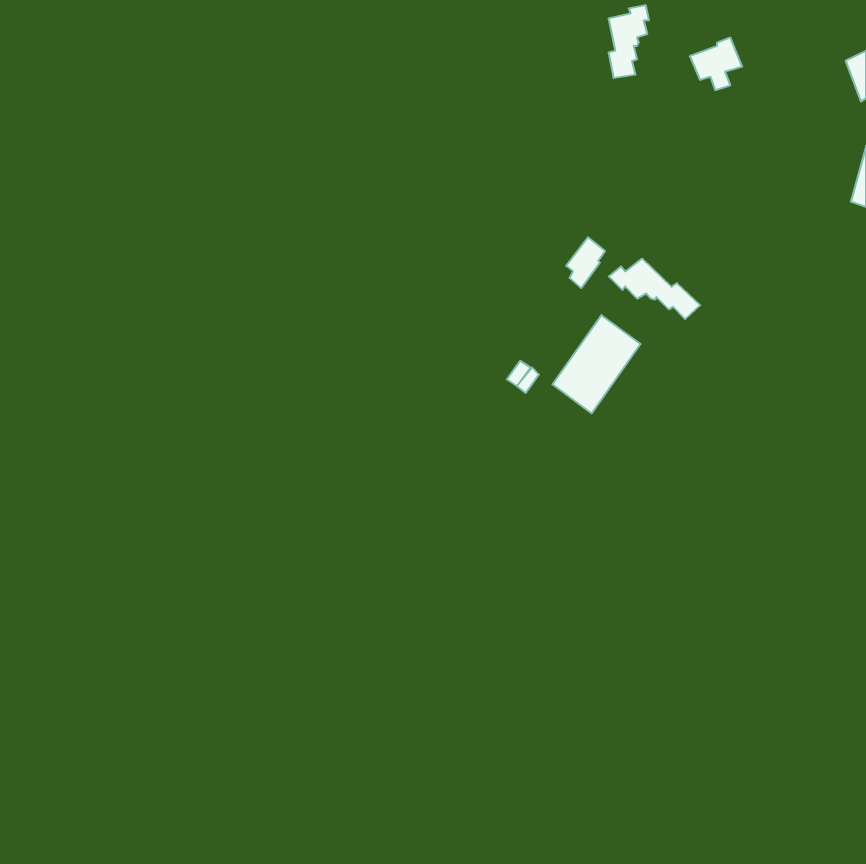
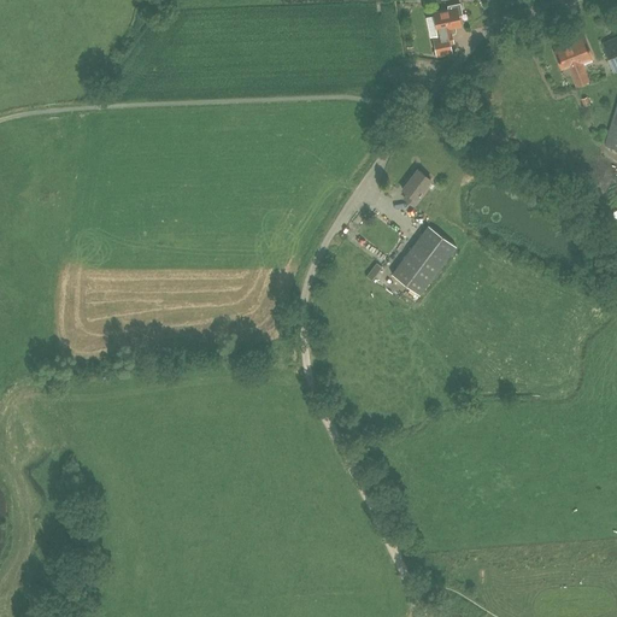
building: [690,38,742,90] -> [554,39,592,76]
building: [609,259,700,319] -> none

